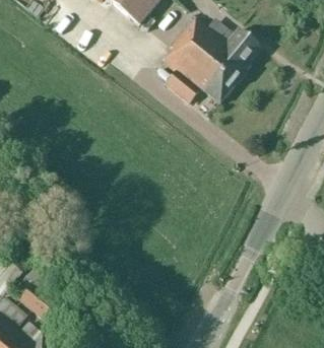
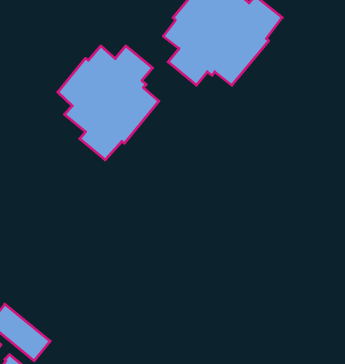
building: none -> [58,46,159,160]

